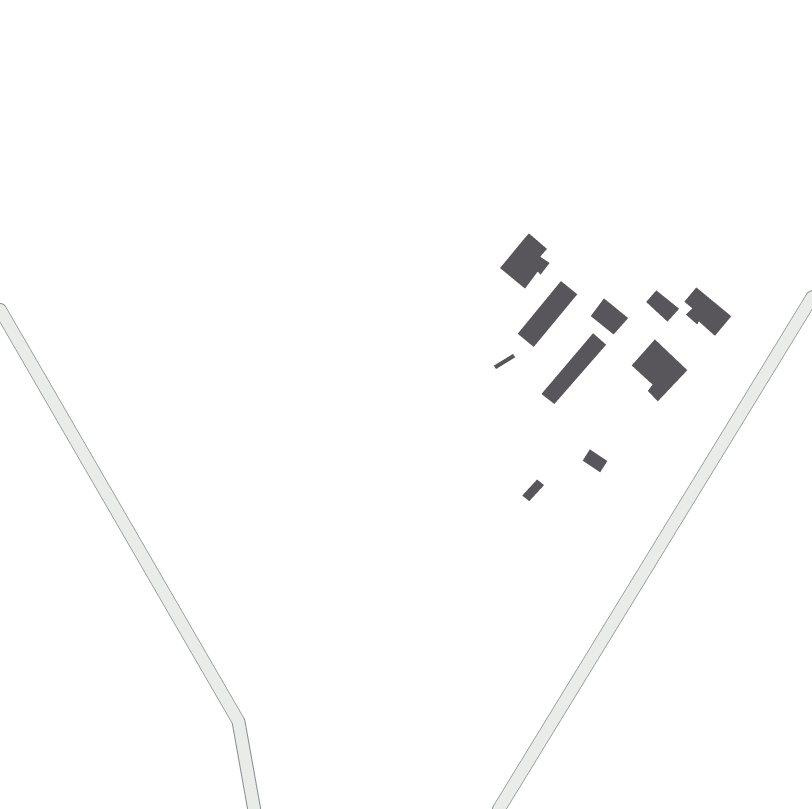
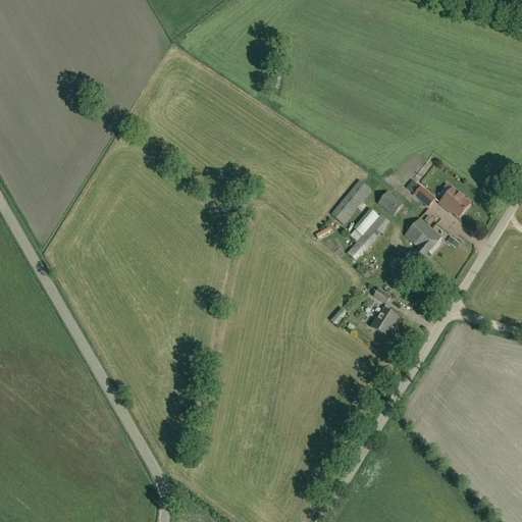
building: [499,232,551,290] -> none
building: none -> [372,307,398,335]

